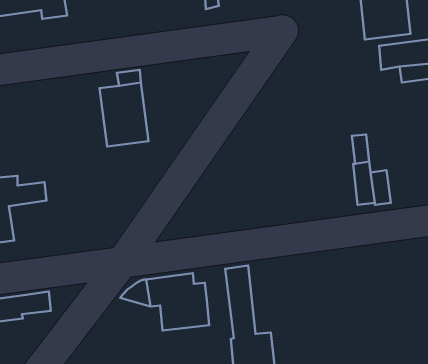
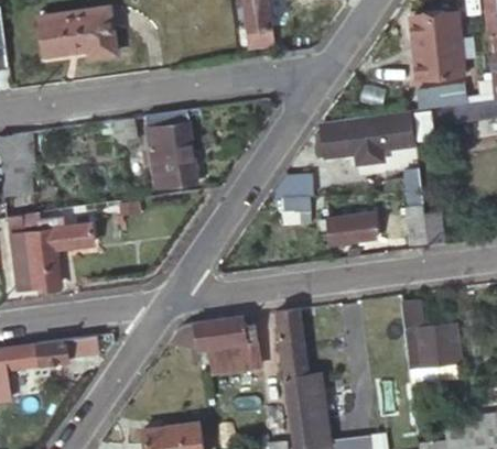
building: none -> [318,116,412,157]
building: none -> [279,174,312,224]
building: none -> [327,211,377,242]
building: none -> [401,298,461,383]

